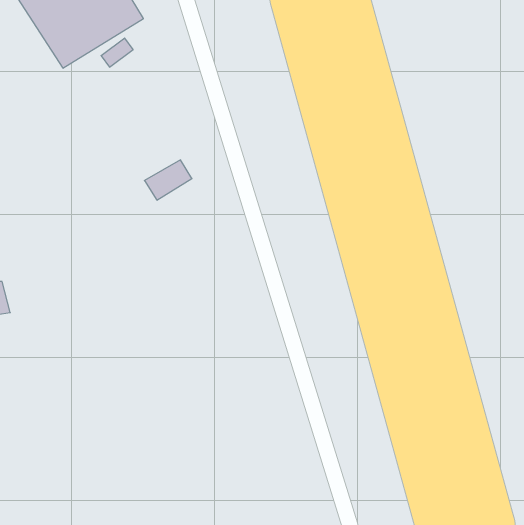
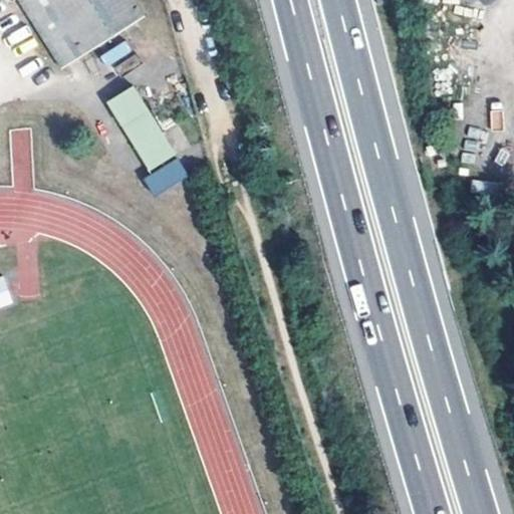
building: none -> [104,83,173,168]

